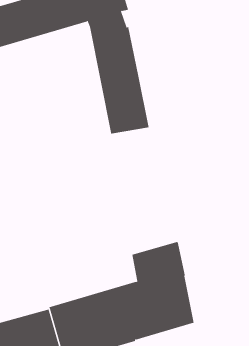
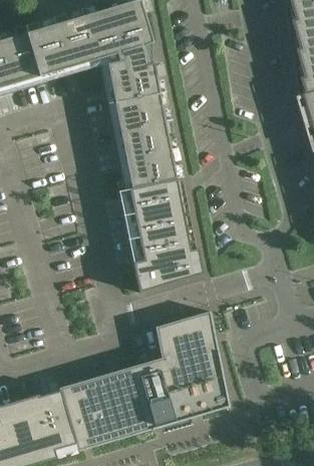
building: none -> [126,179,200,292]

